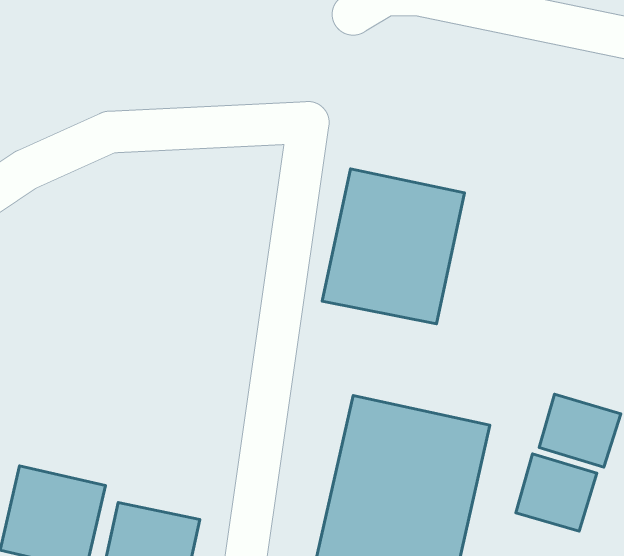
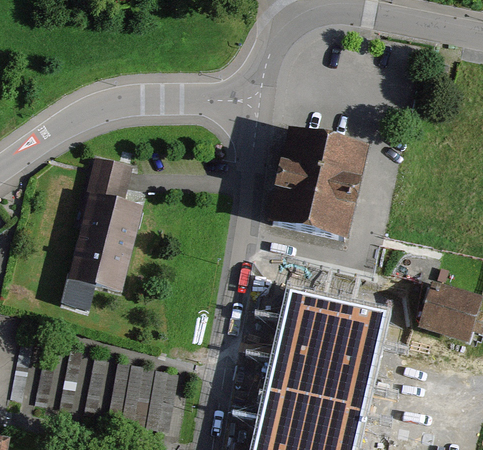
building: none -> [60,158,145,311]
building: [516,454,597,531] -> none

